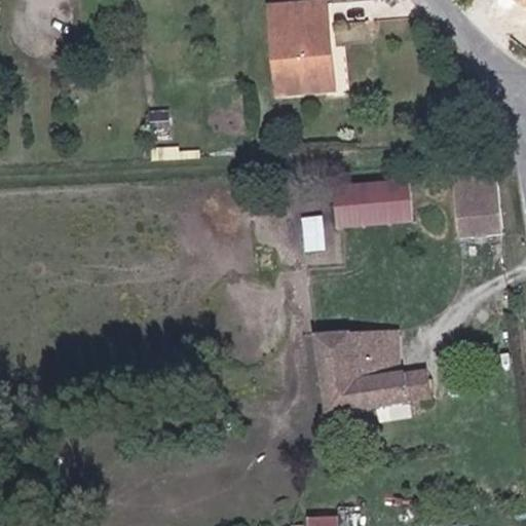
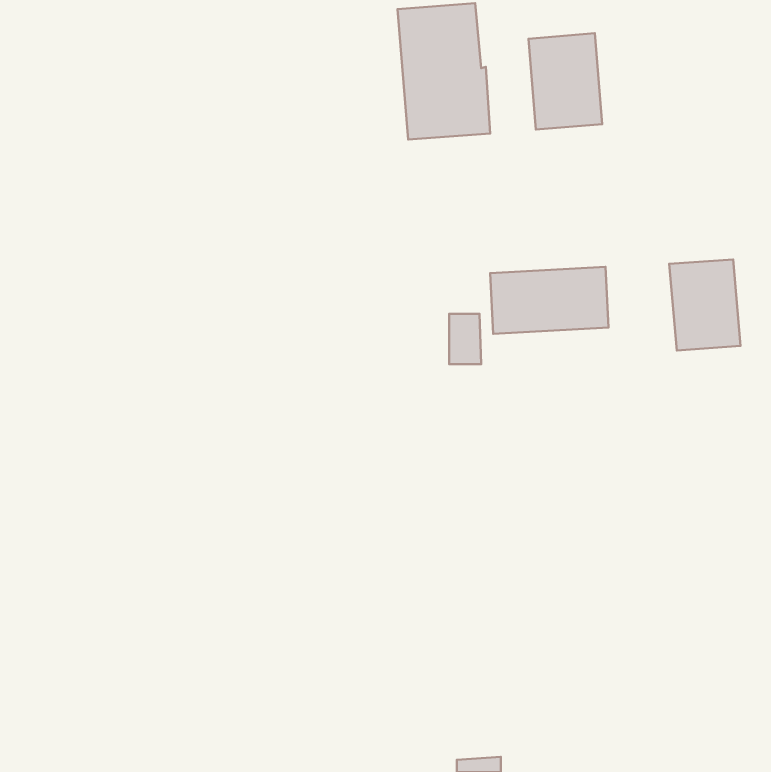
building: none -> [529,33,602,130]
building: [312,330,429,415] -> none

